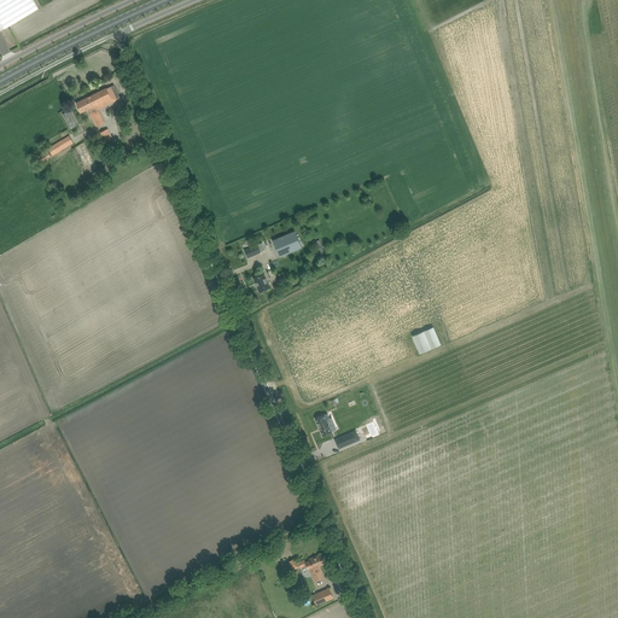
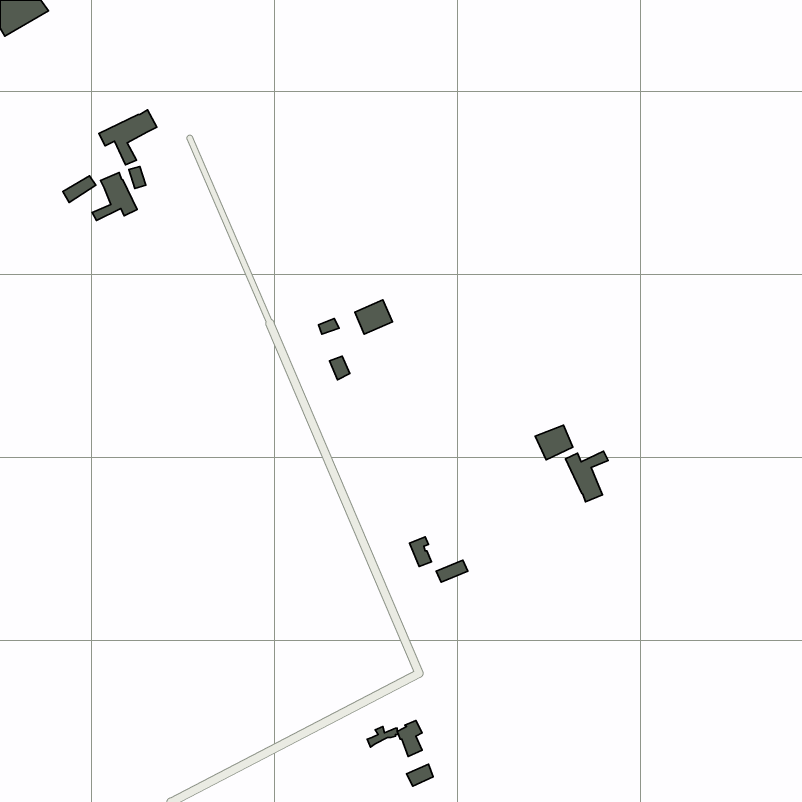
building: none -> [92,172,137,221]
building: none -> [565,451,608,502]

